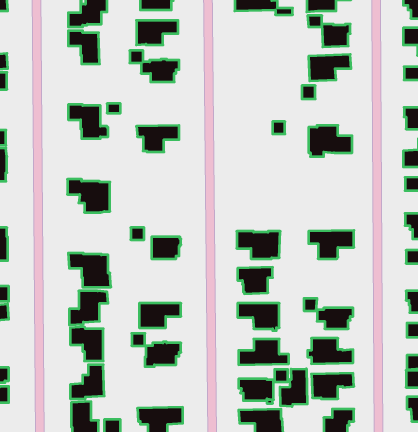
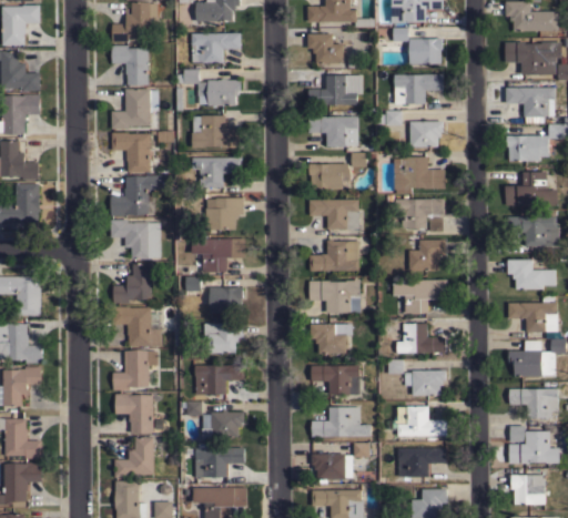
building: none -> [308,33,344,63]
building: none -> [308,75,363,104]
building: none -> [111,89,159,129]
building: none -> [192,115,243,148]
building: none -> [308,116,358,146]
building: none -> [409,121,444,148]
building: none -> [310,163,351,190]
building: none -> [111,175,166,216]
building: none -> [395,195,445,232]
building: none -> [205,197,244,230]
building: none -> [310,200,359,228]
building: none -> [192,237,245,272]
building: none -> [310,238,359,271]
building: none -> [408,240,445,271]
building: none -> [113,263,151,303]
building: none -> [204,323,243,353]
building: none -> [397,323,446,353]
building: [280,369,307,407] -> none
building: none -> [195,447,244,478]

